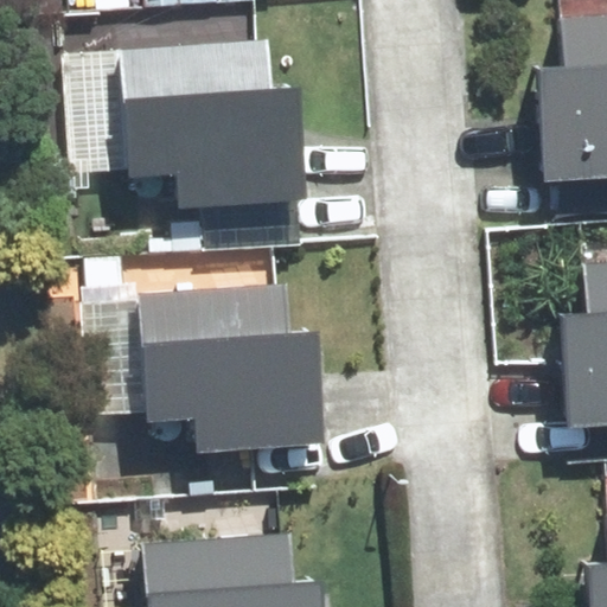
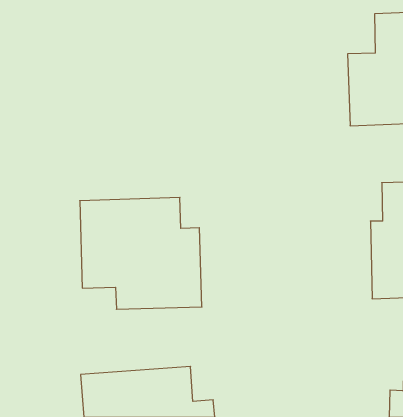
building: [114,46,294,204] -> none

